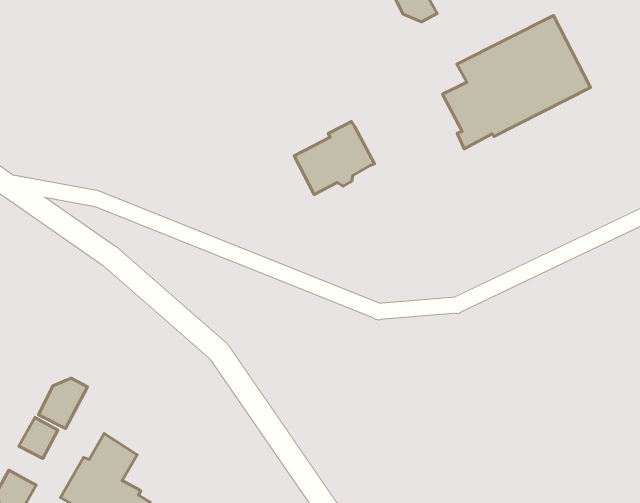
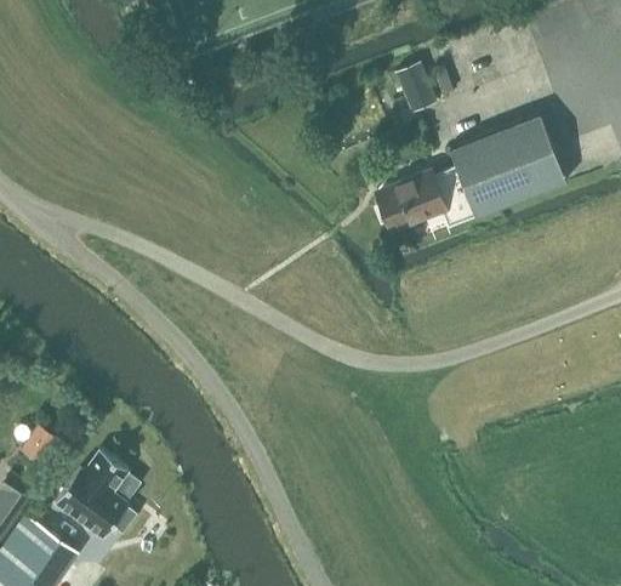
building: [294,122,375,194] -> [376,170,448,232]
building: [38,378,88,428] -> none

